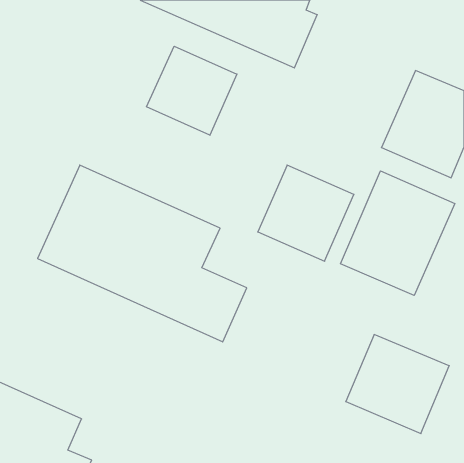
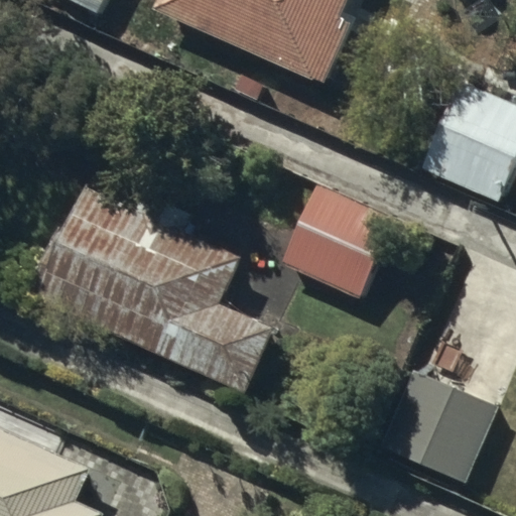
building: [147,46,237,135] -> none
building: [341,171,455,295] -> none

